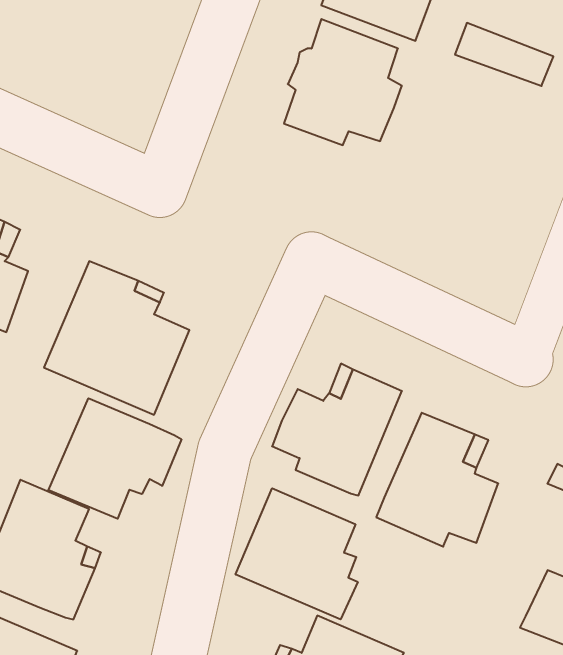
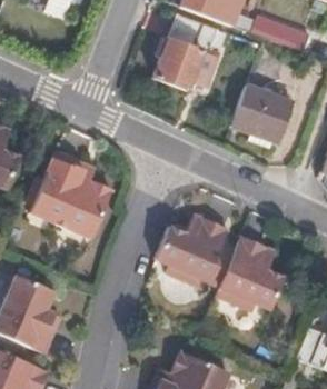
building: none -> [239,81,300,140]
building: [48,398,181,519] -> none
building: [236,488,358,619] -> none

